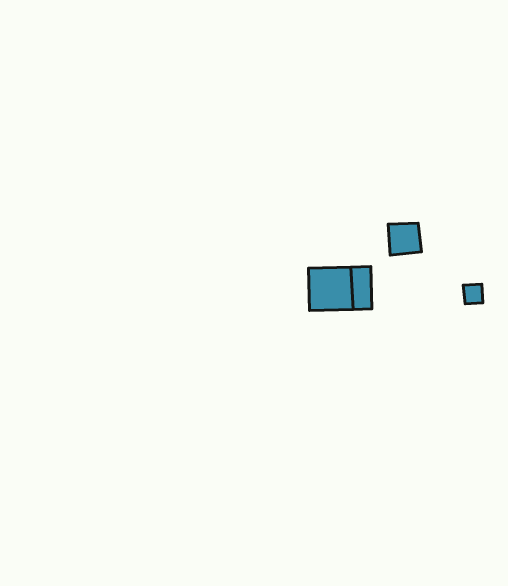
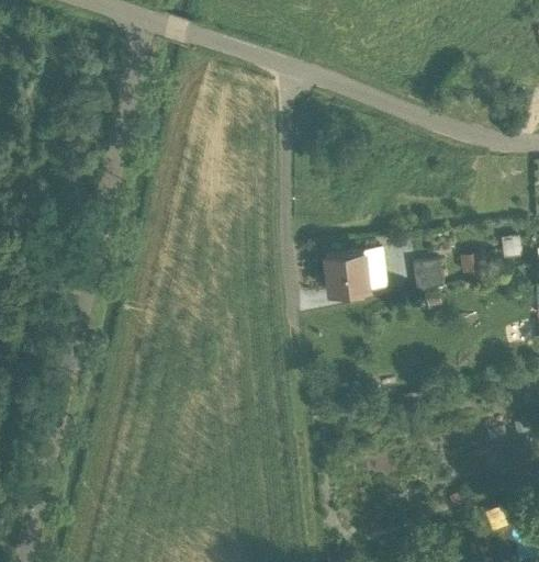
building: [388,223,422,255] -> [413,259,445,290]

